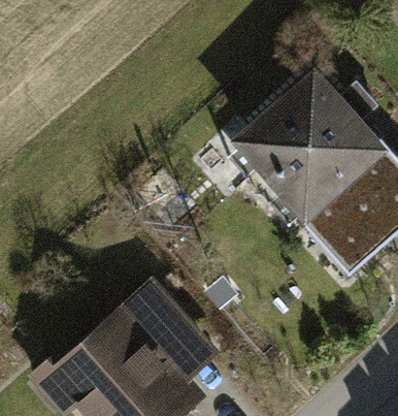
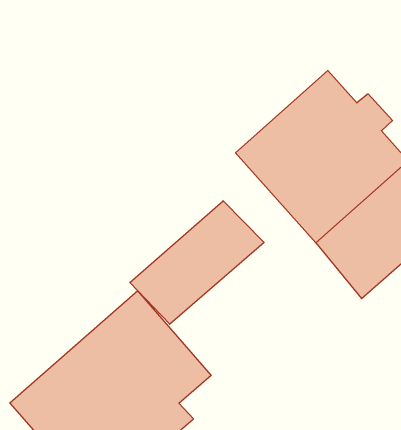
building: none -> [130,201,264,324]

